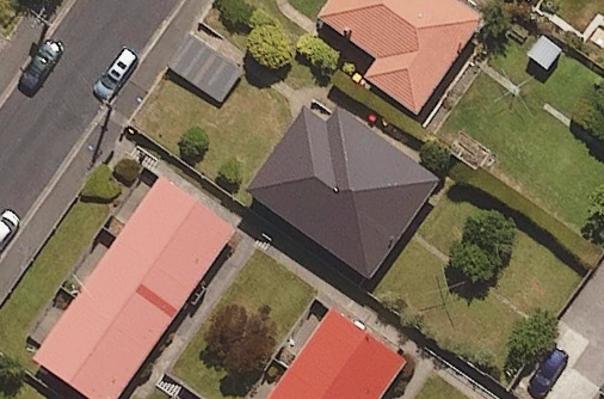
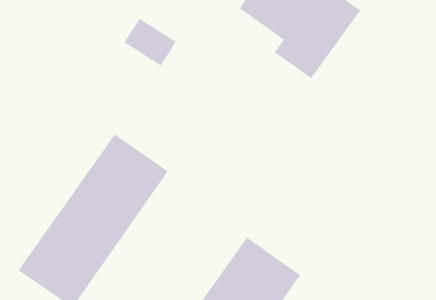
building: [246,110,438,277] -> none

